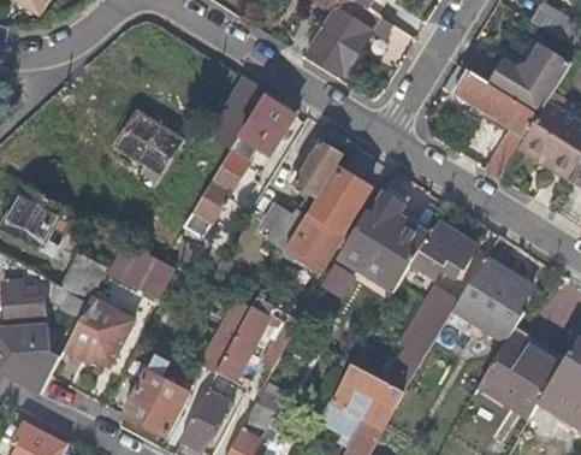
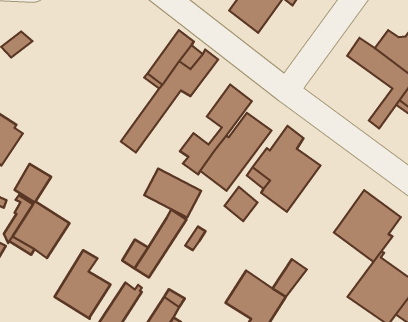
building: [113,114,182,187] -> none
building: [419,221,476,268] -> none
building: [107,243,176,300] -> [144,168,201,218]
building: [410,284,460,342] -> none

